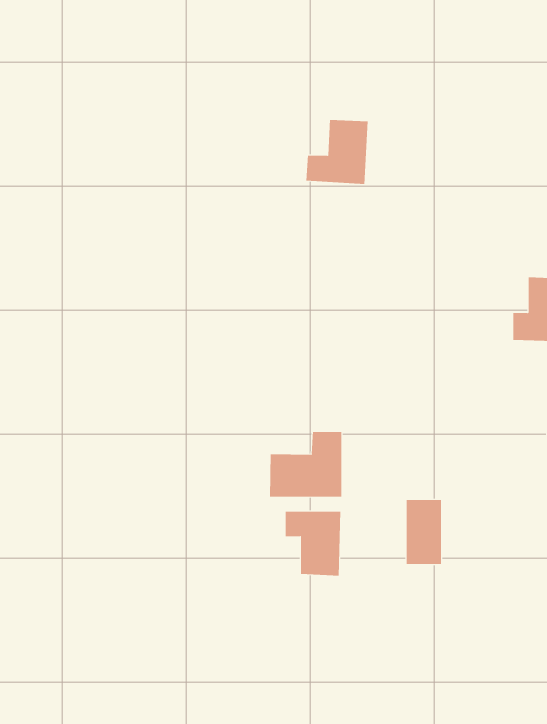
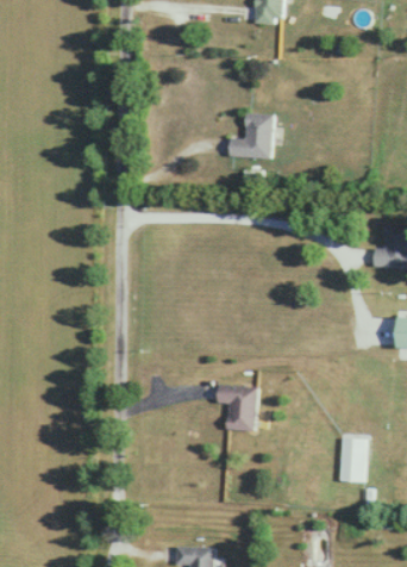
building: [269,431,342,498] -> none
building: [406,499,442,564] -> [339,437,364,482]

